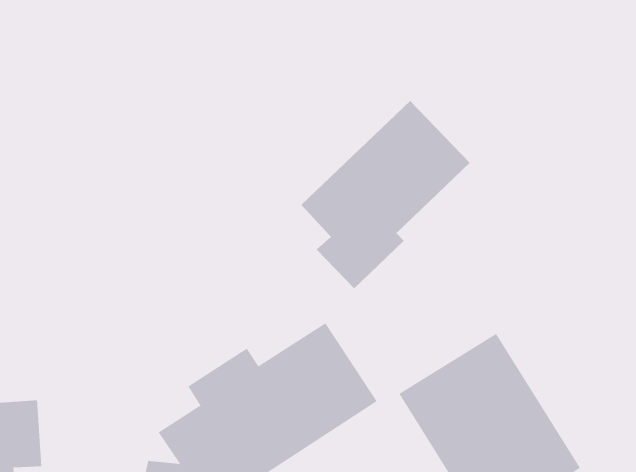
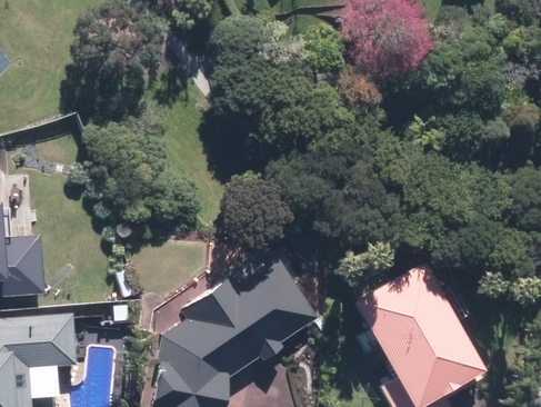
building: [300,100,470,289] -> none

